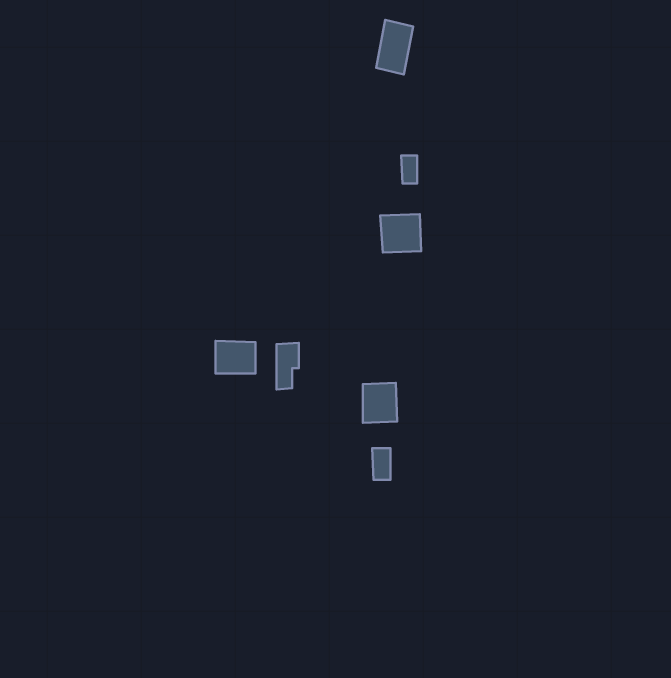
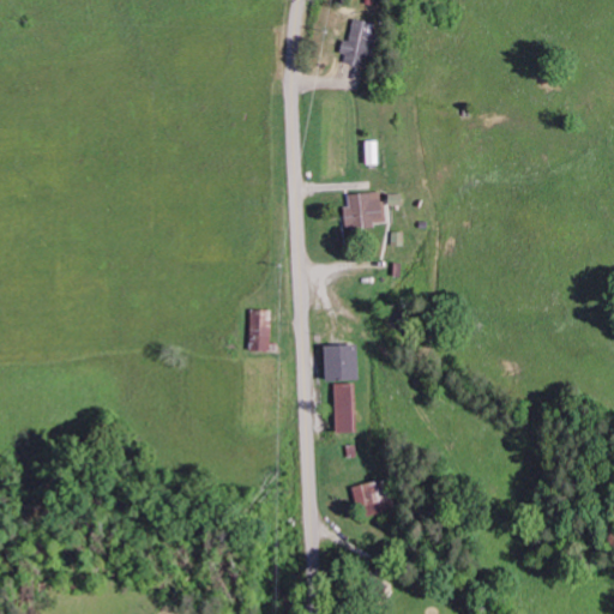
building: [216,341,256,374] -> none
building: none -> [353,481,390,516]

